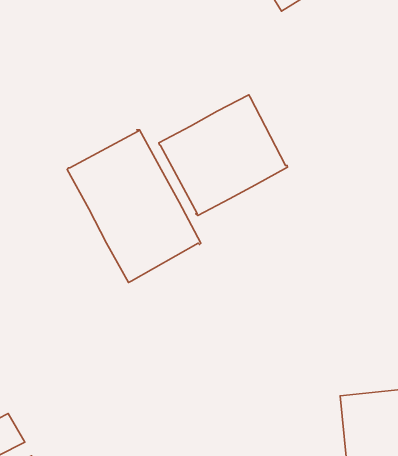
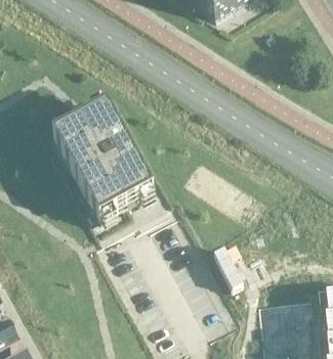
building: [159,95,288,215] -> none

